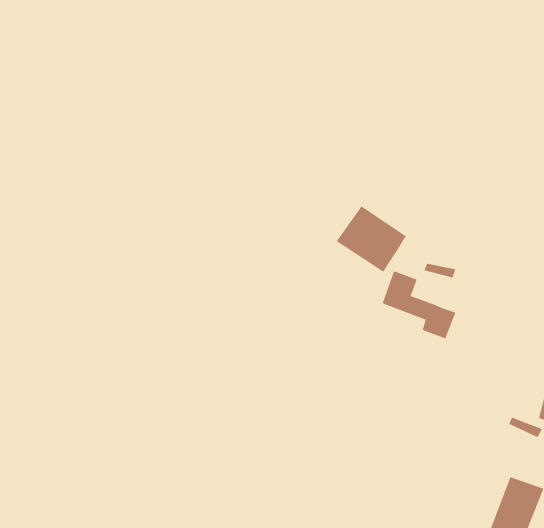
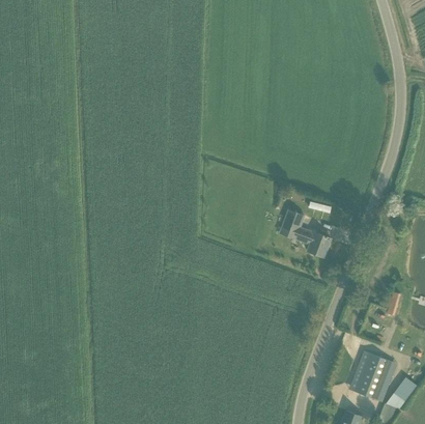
building: [336,205,407,272] -> none

